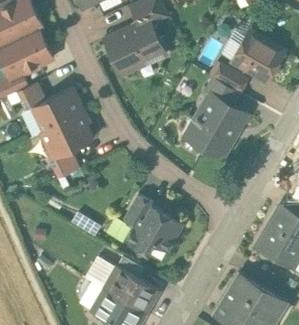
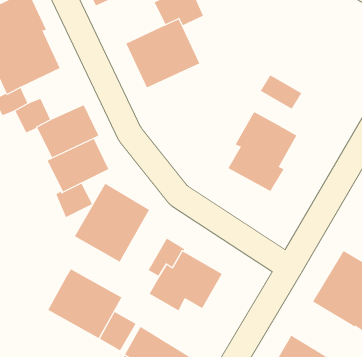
building: [232,32,284,81] -> none
building: [204,77,239,106] -> none
building: none -> [74,183,150,263]
building: none -> [47,269,122,339]

